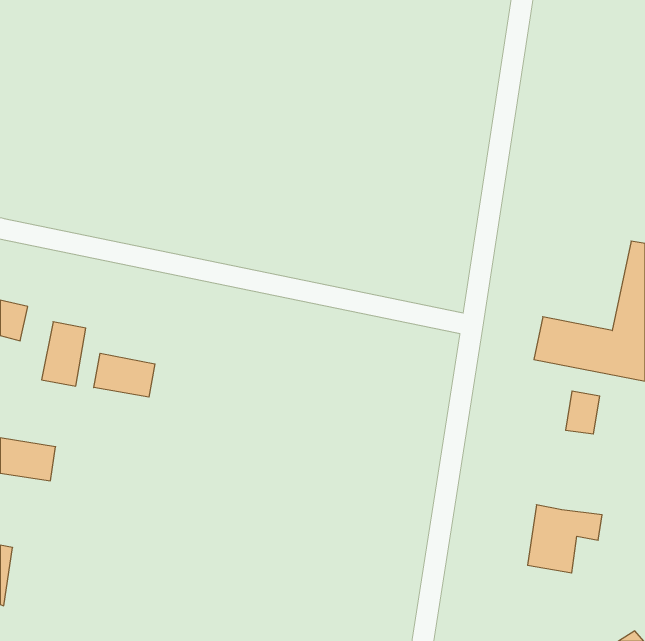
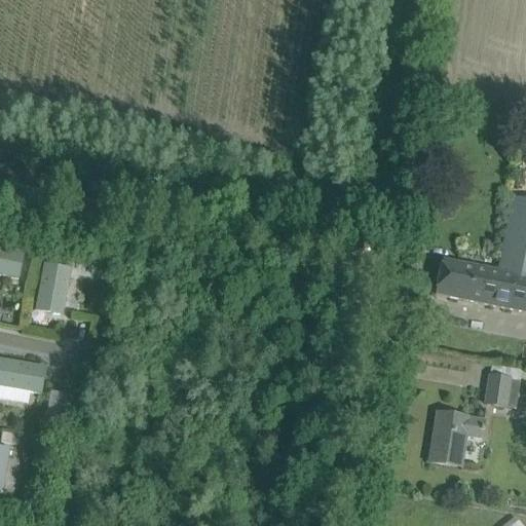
building: [94,353,155,397] -> none
building: [566,391,600,434] -> [488,374,516,409]

